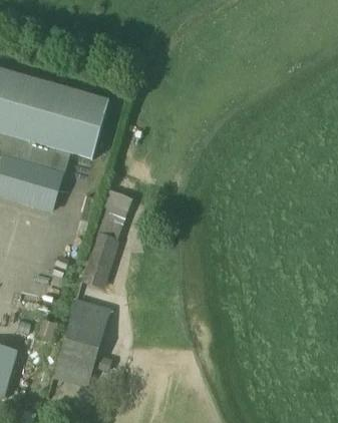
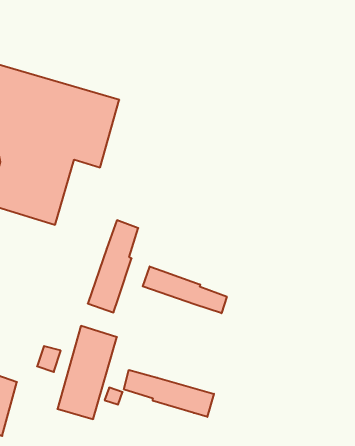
building: none -> [143,266,227,313]
building: none -> [124,370,214,417]

